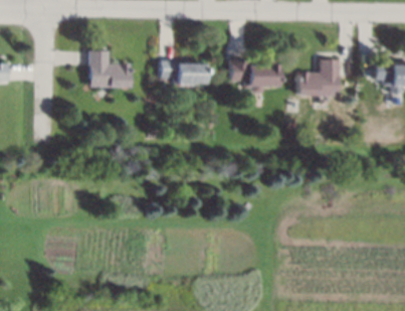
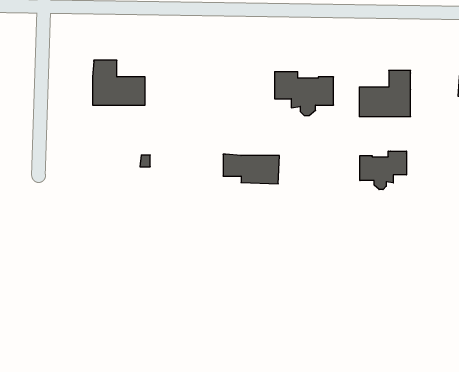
building: [160,59,204,83] -> [223,154,279,184]
building: none -> [360,151,406,190]

